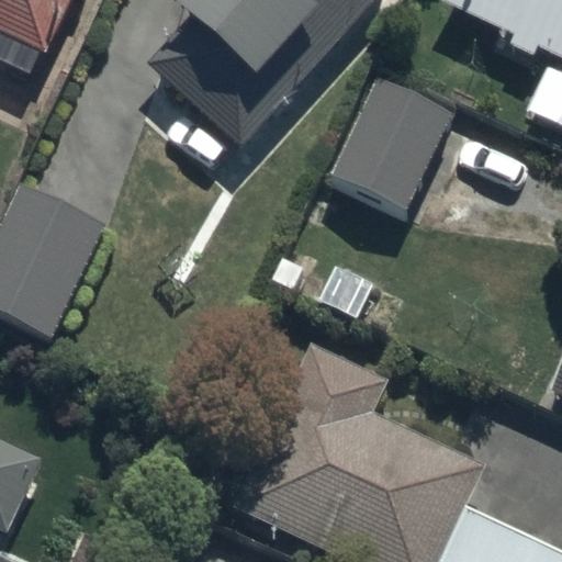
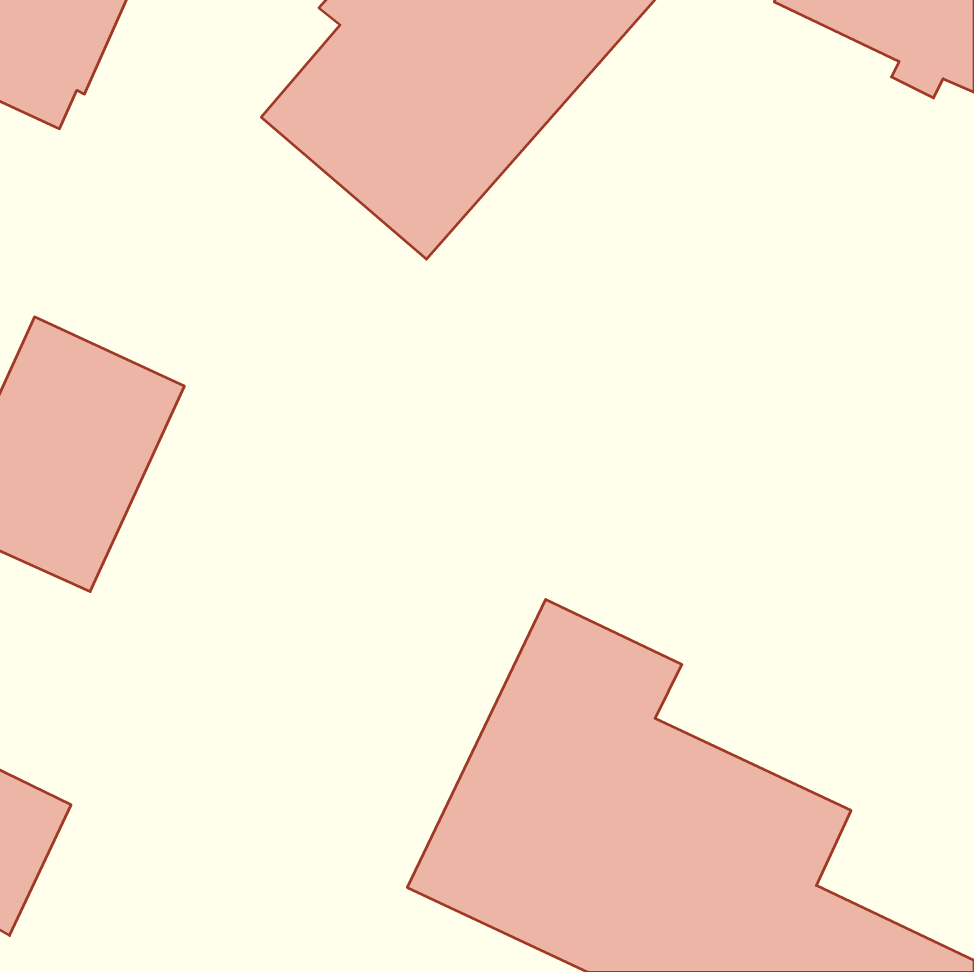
building: [327,74,452,213] -> none

